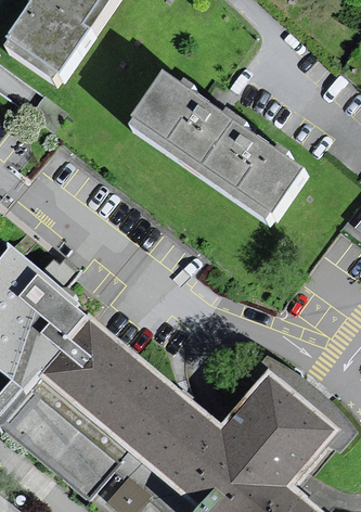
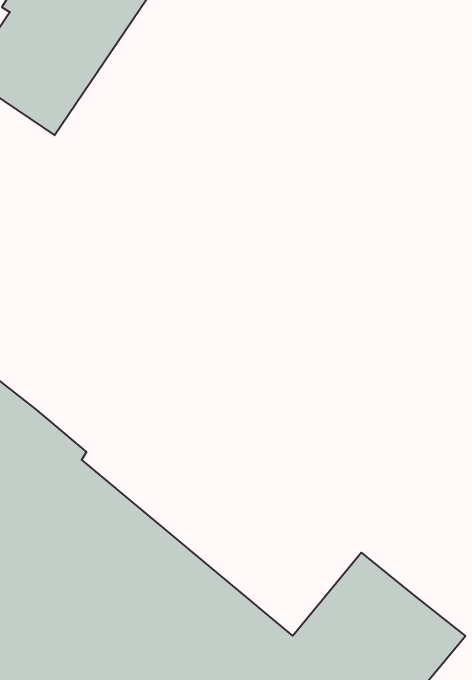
building: [136,79,308,223] -> none

